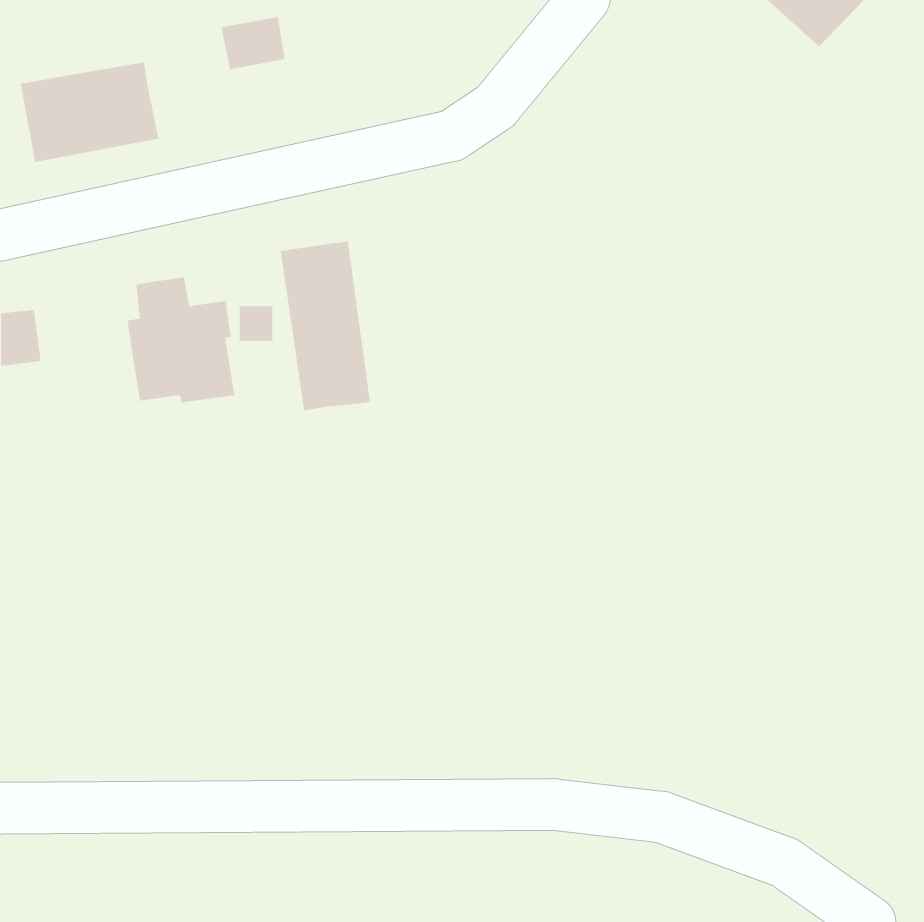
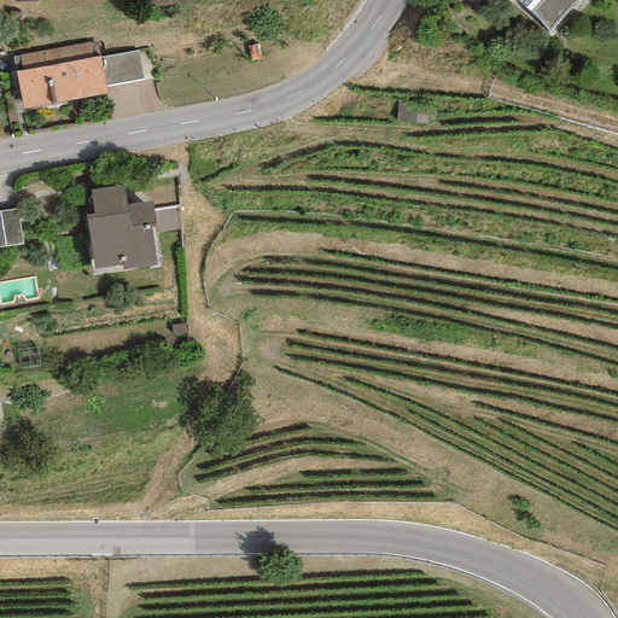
building: [221,16,286,70] -> [99,49,142,86]
building: [280,241,371,412] -> none

